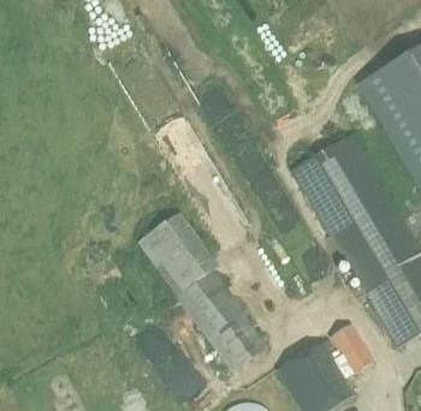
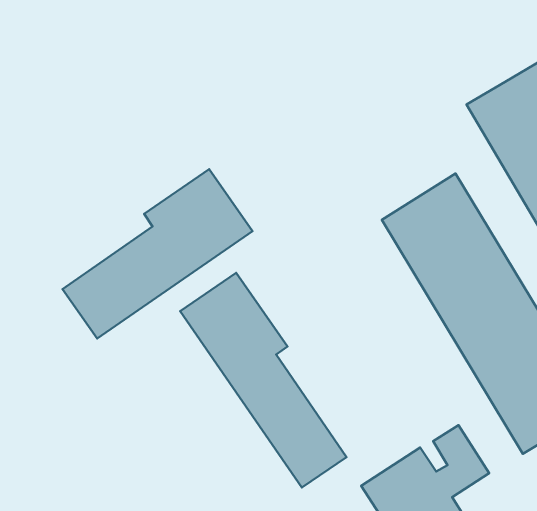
building: none -> [63,169,252,338]

